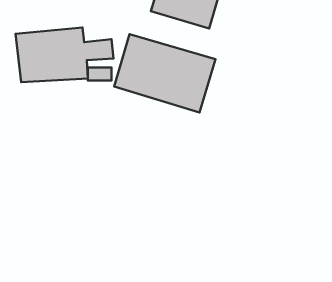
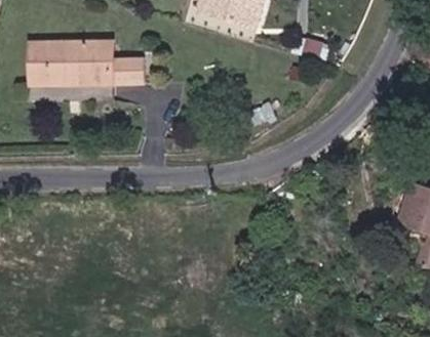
building: [114,34,215,112] -> none

